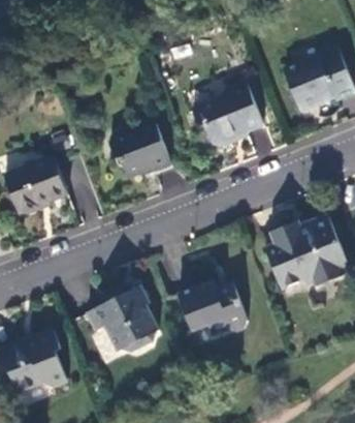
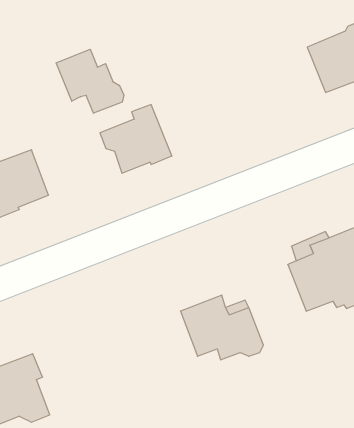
building: none -> [56,49,124,113]
building: [193,83,263,145] -> none
building: [87,288,158,350] -> none

